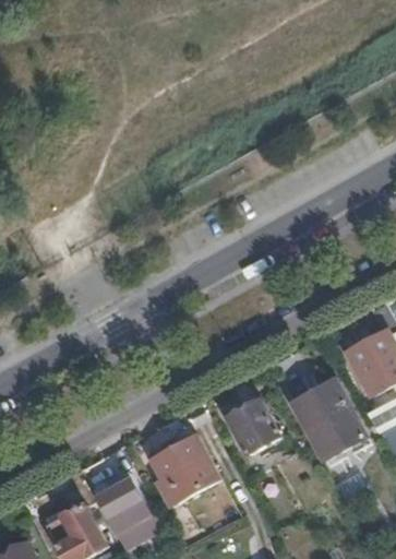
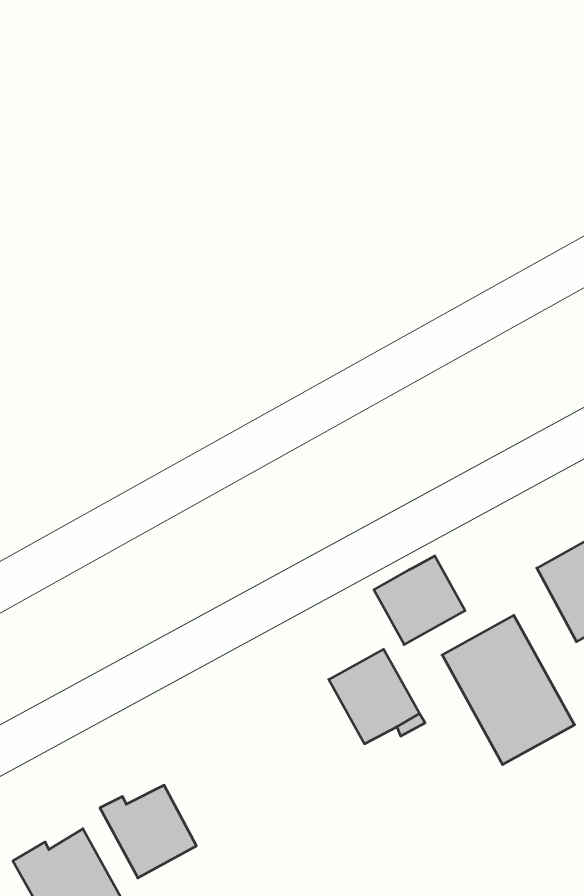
building: none -> [374,556,465,645]
building: [153,435,218,503] -> none

